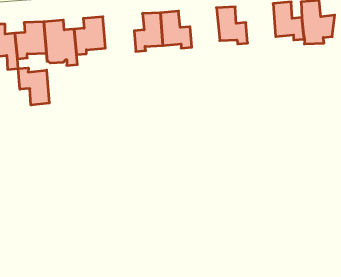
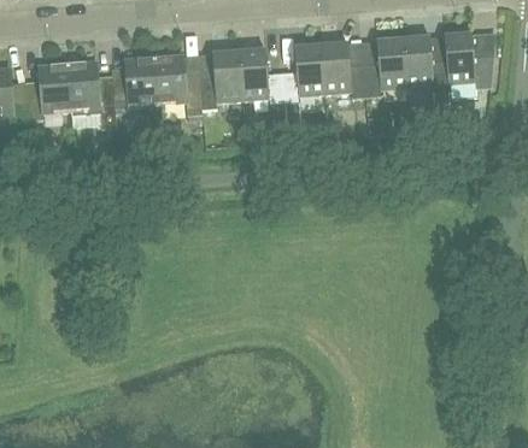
building: none -> [363,36,406,94]
building: none -> [281,42,324,100]
building: none -> [153,53,201,112]
building: [18,68,49,105] -> none

